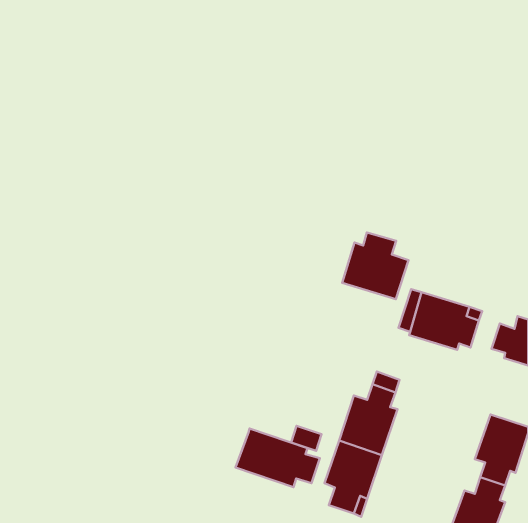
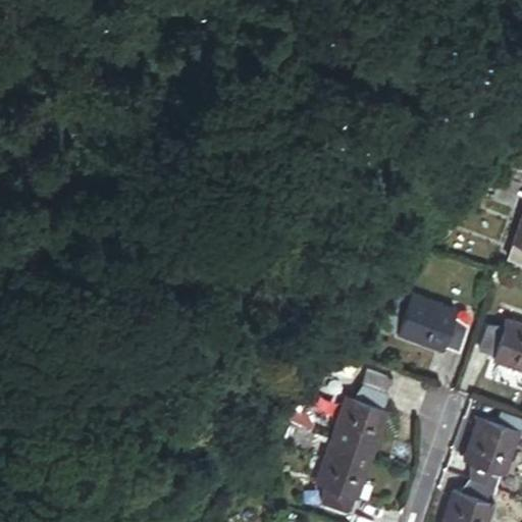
building: [342,233,409,299] -> none
building: [236,428,320,487] -> none

